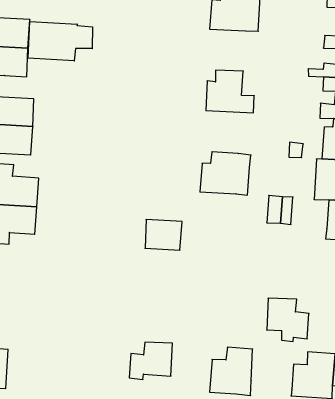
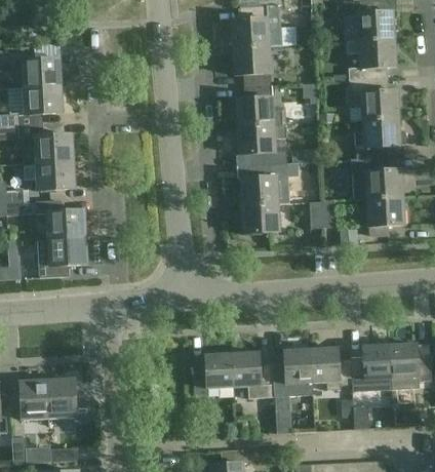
building: [28,21,92,61] -> none
building: none -> [234,45,271,86]
building: none -> [239,123,287,165]
building: [145,220,182,250] -> [242,203,278,233]
building: [267,298,309,341] -> [310,349,352,390]
building: none -> [232,353,273,398]

